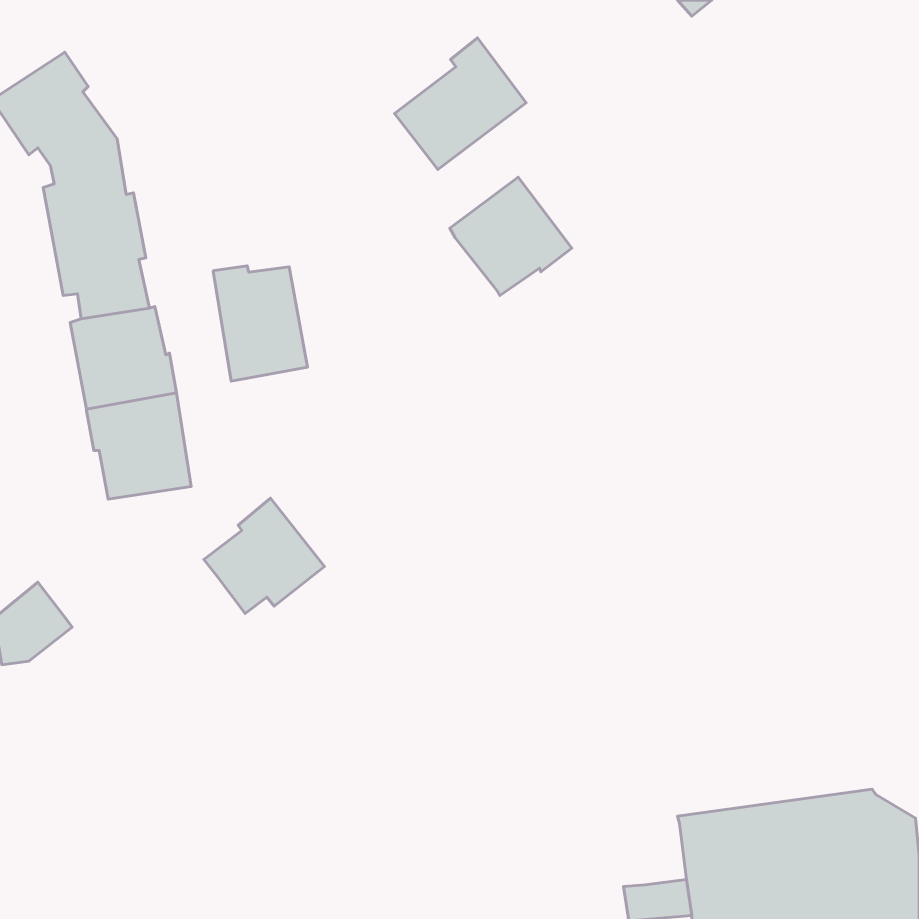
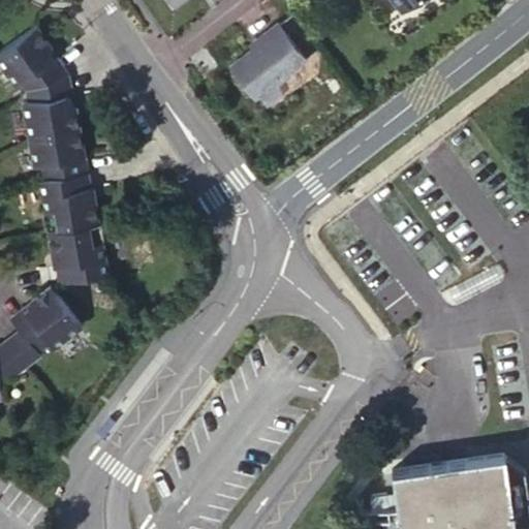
building: [450,177,572,296] -> none
building: [213,266,308,381] -> none
building: [204,498,325,613] -> [14,290,84,356]

